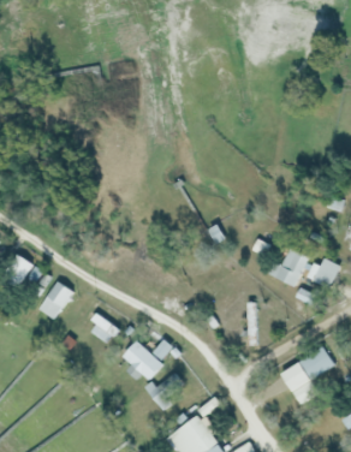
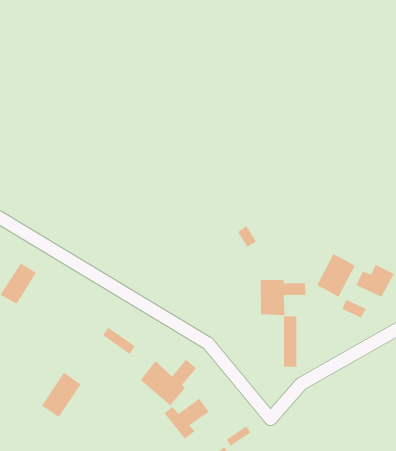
building: none -> [260,279,306,316]
building: [37,280,72,320] -> [41,372,81,418]
building: [282,347,335,391] -> none

